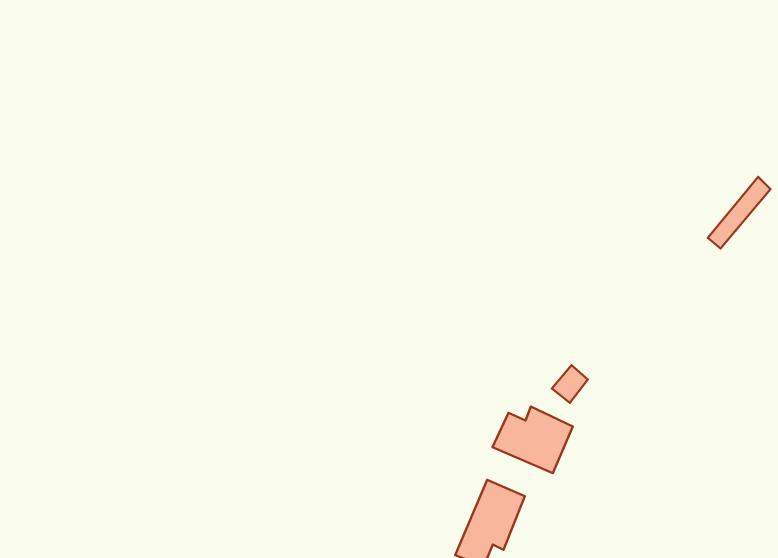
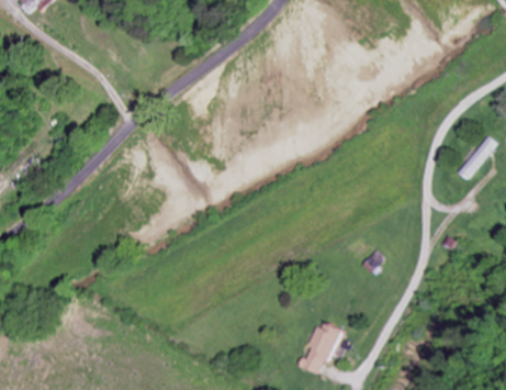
building: [493,407,573,473] -> none

